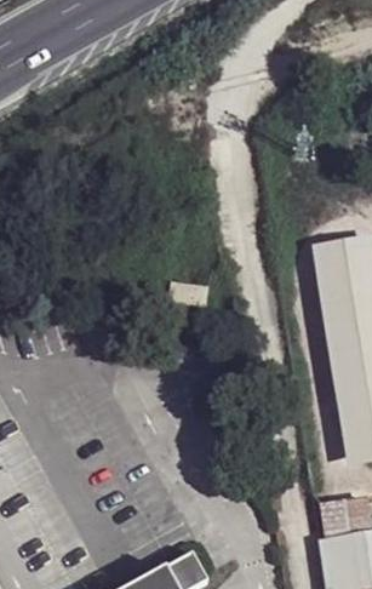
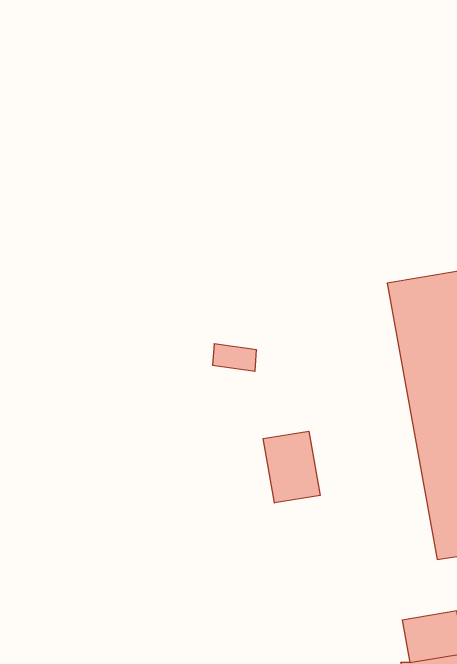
building: none -> [263,431,320,503]

